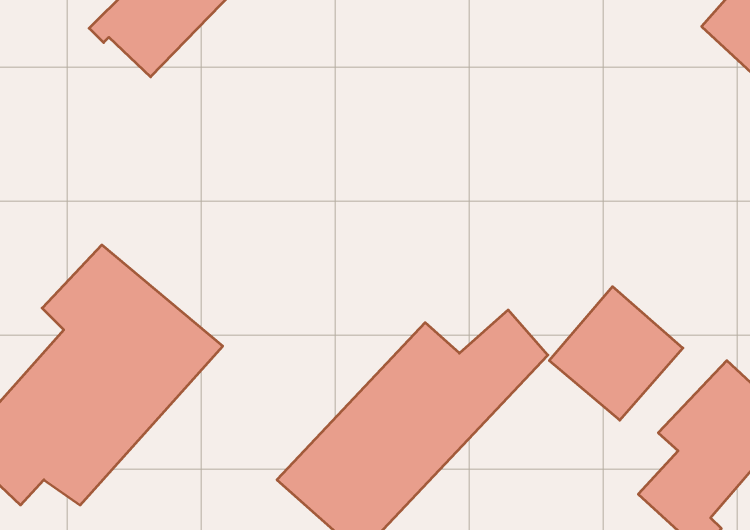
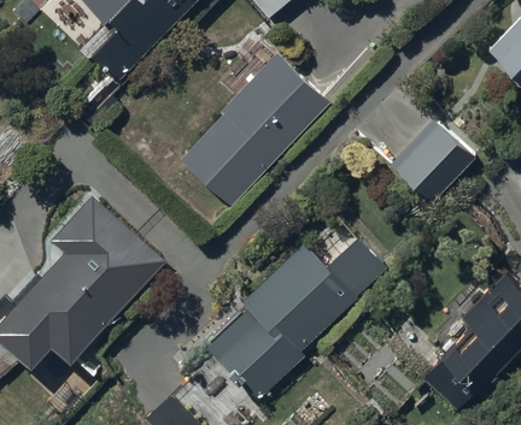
building: none -> [176,47,330,208]
building: [549,287,683,420] -> [390,119,479,208]

